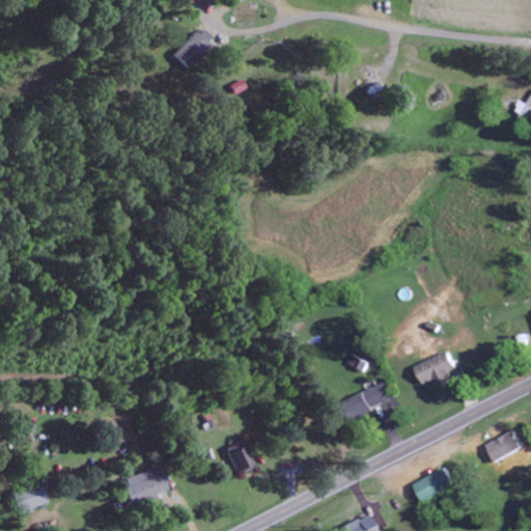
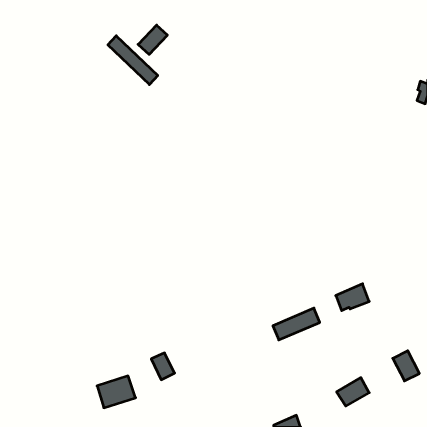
building: none -> [108,36,158,85]
building: [225,442,254,475] -> [151,353,175,380]
building: [17,484,47,510] -> none

